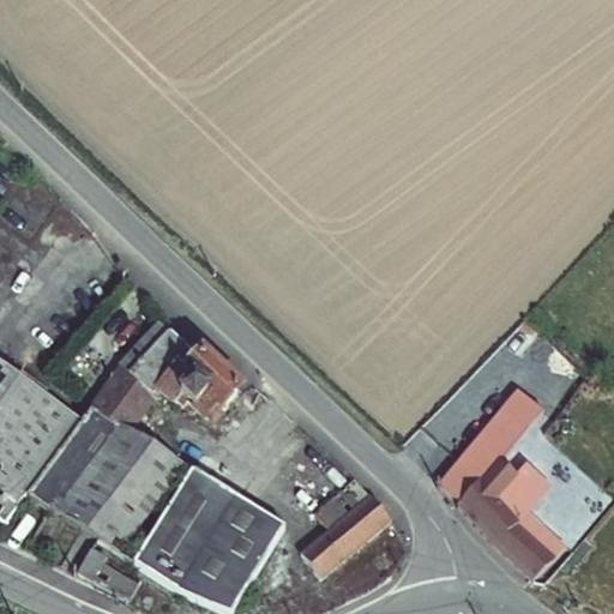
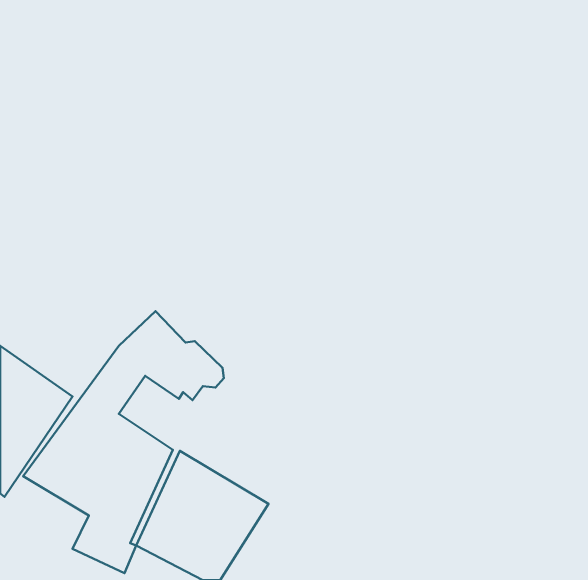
building: [441,384,566,573] -> none
building: [296,475,391,573] -> none

